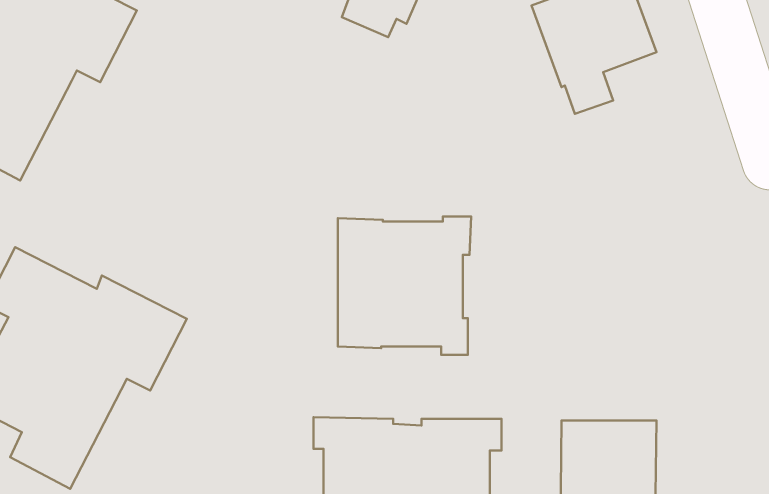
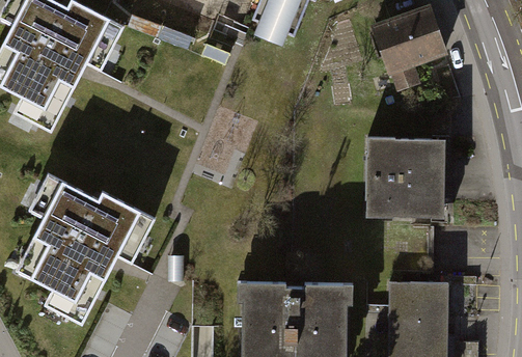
building: [338,217,471,355] -> [366,135,449,221]

